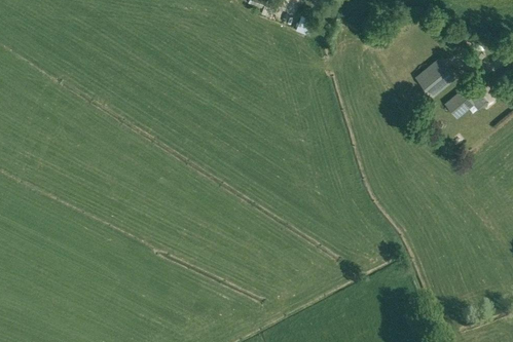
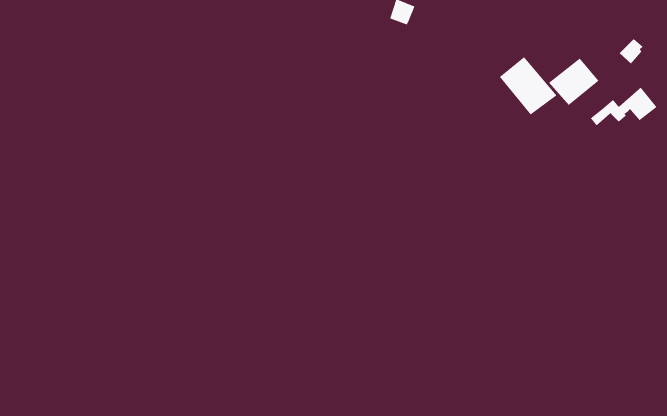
building: none -> [499,56,558,116]

